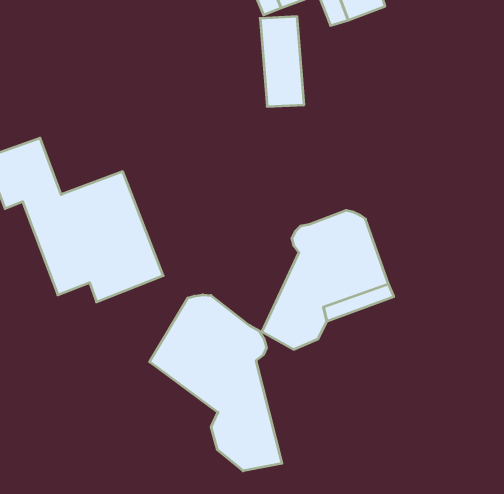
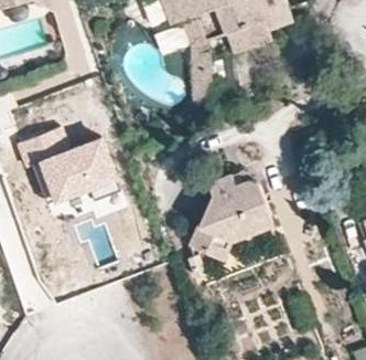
building: [150,295,282,471] -> none

